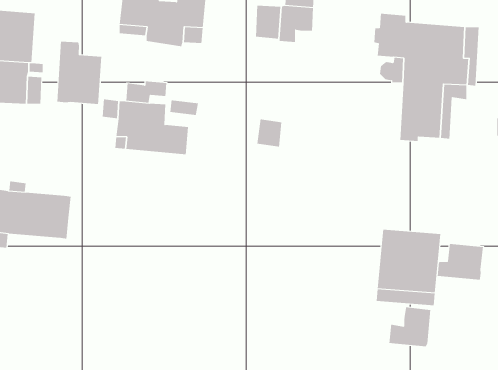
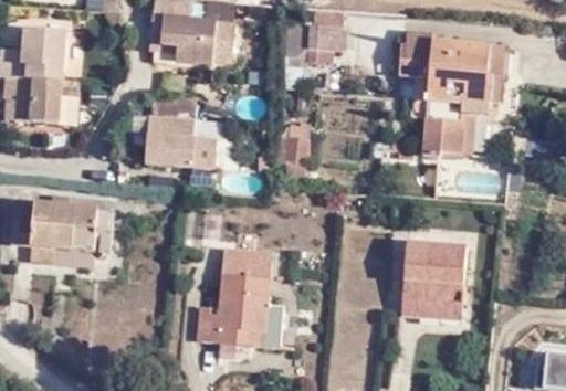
building: [57,41,102,105] -> none
building: none -> [198,249,286,349]
building: [437,243,484,280] -> none
building: [389,307,431,347] -> none

